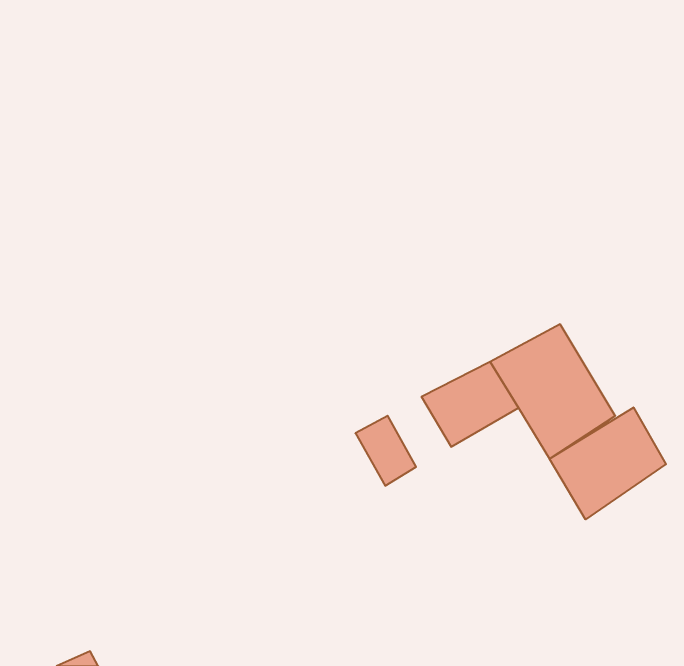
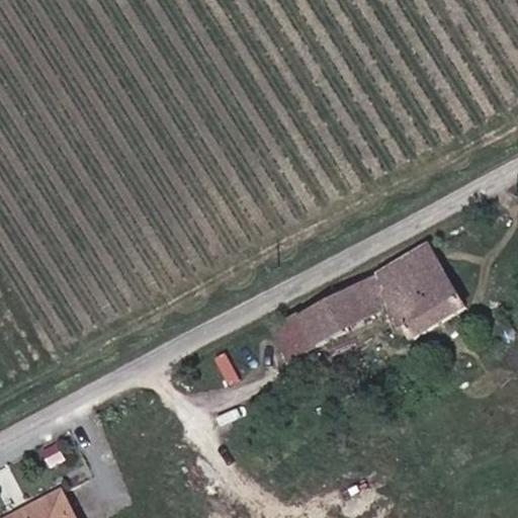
building: none -> [294,298,342,351]
building: [549,407,666,519] -> none

